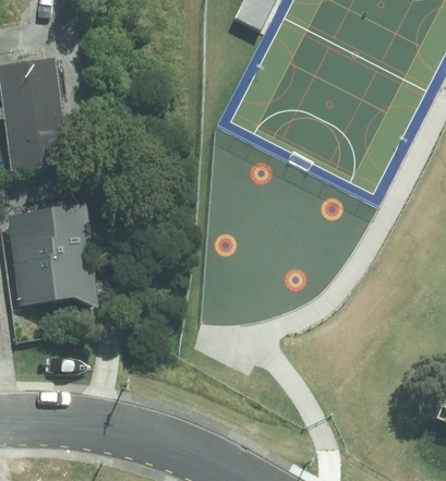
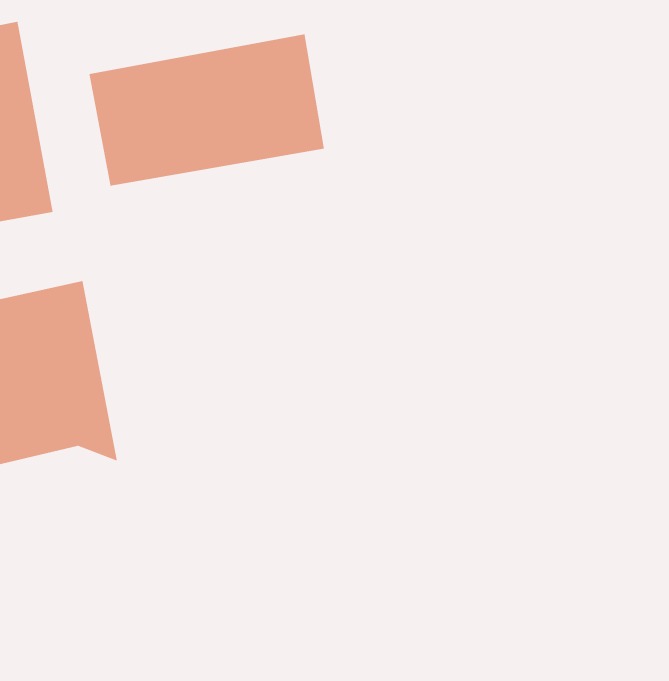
building: none -> [89,34,325,186]

